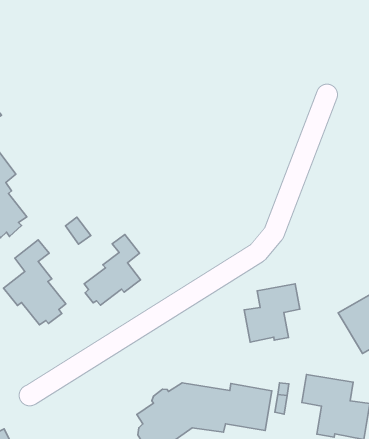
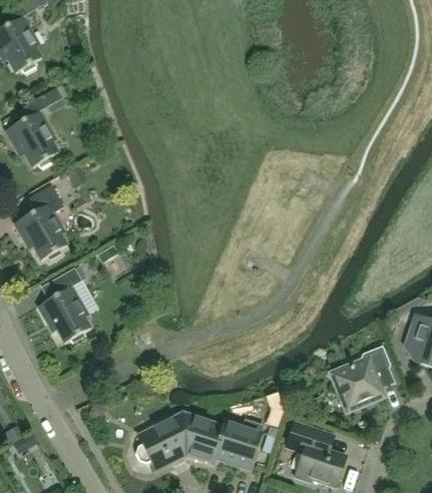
building: [84,235,141,305] -> none
building: [244,284,300,342] -> none

